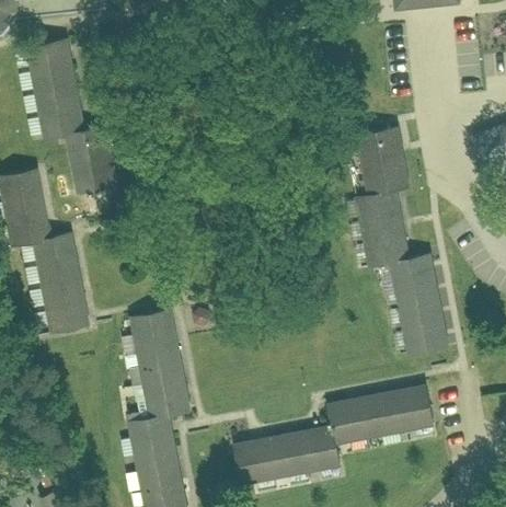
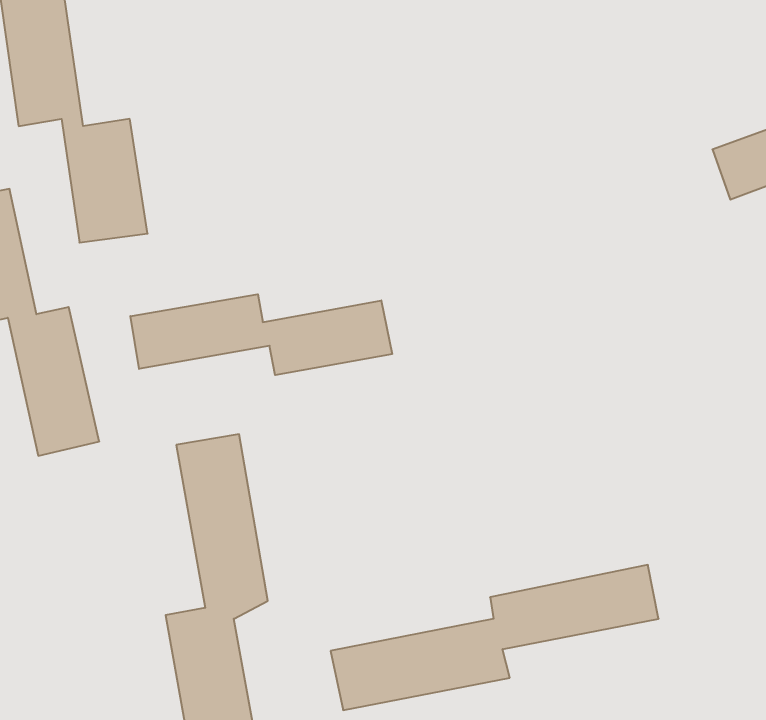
building: [354,123,447,354] -> none
building: none -> [130,294,392,375]

